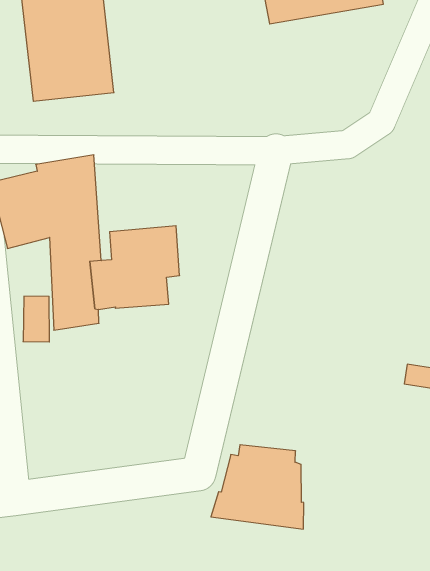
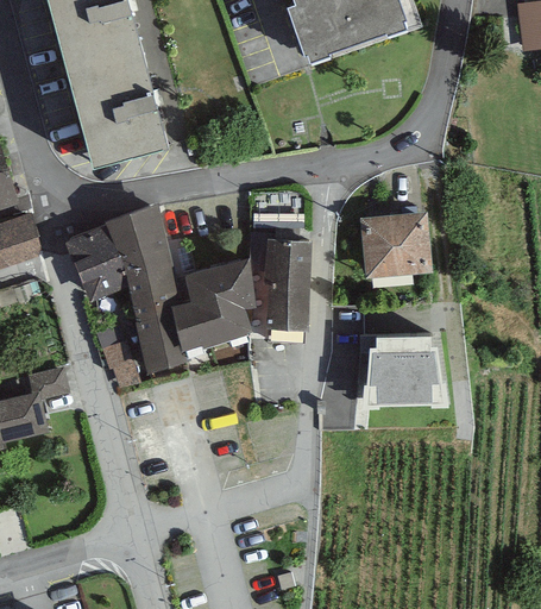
building: none -> [358,212,429,277]
building: none -> [263,238,309,329]
building: [211,445,304,529] -> [358,329,447,404]

